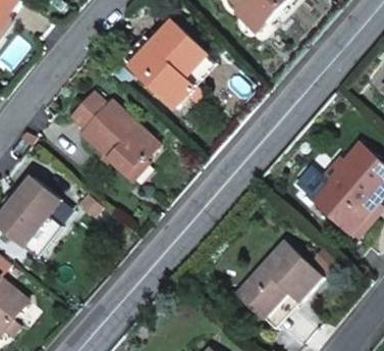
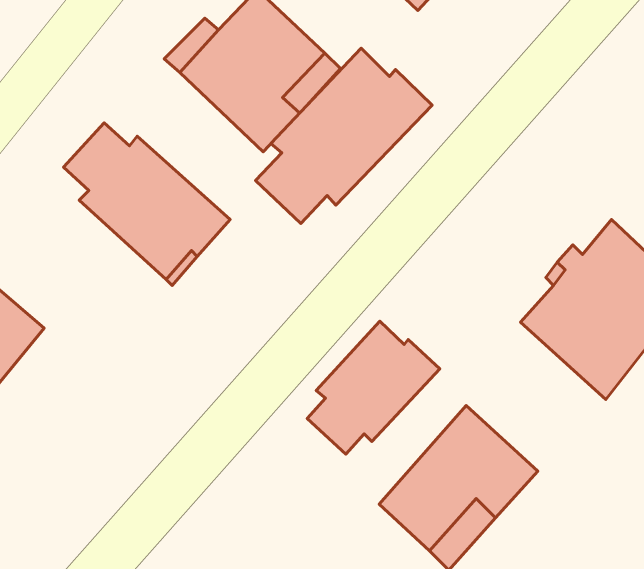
building: none -> [256,48,432,223]
building: none -> [307,321,440,454]

